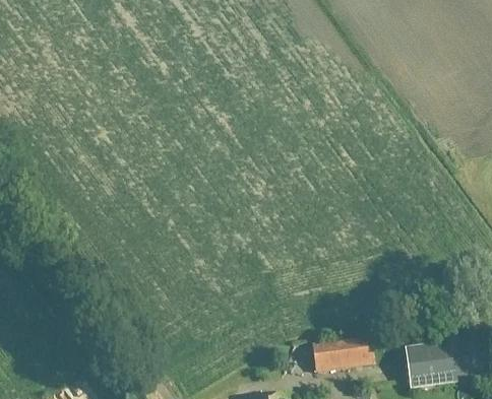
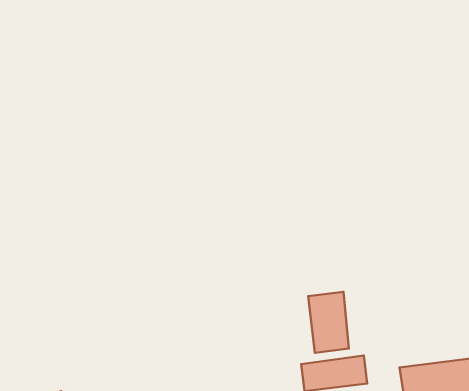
building: none -> [308,292,349,353]

